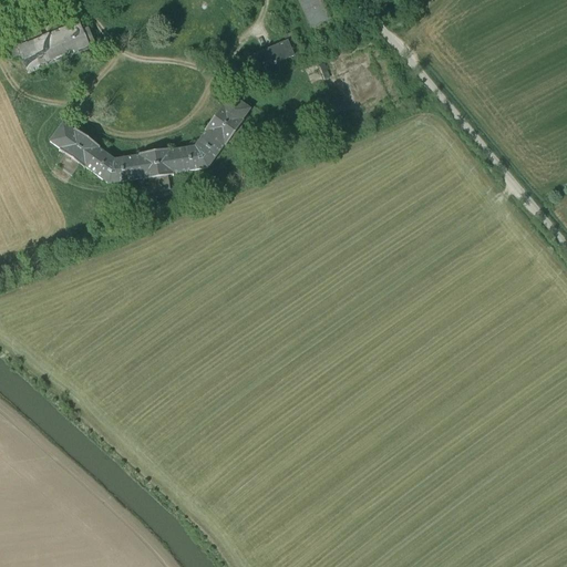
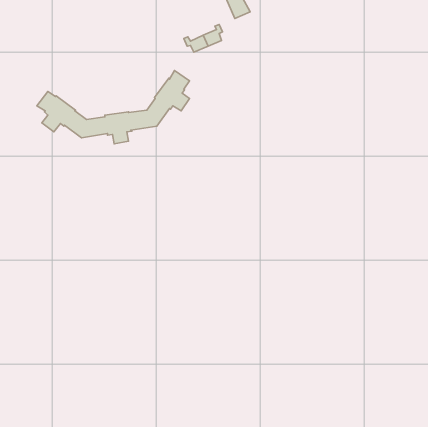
building: [7,20,94,72] -> none

